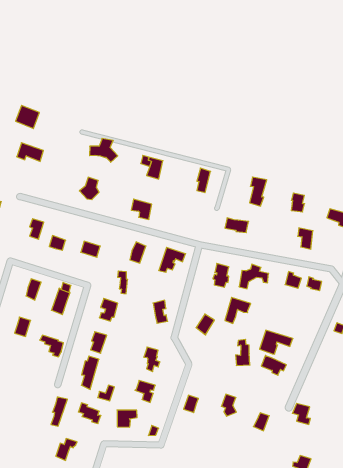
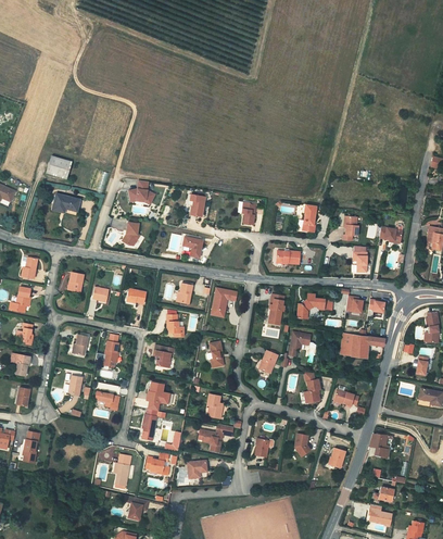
building: [260,330,293,354] -> [351,334,384,358]

